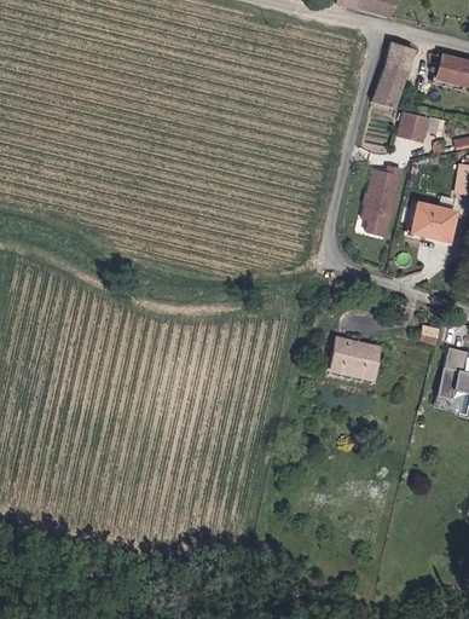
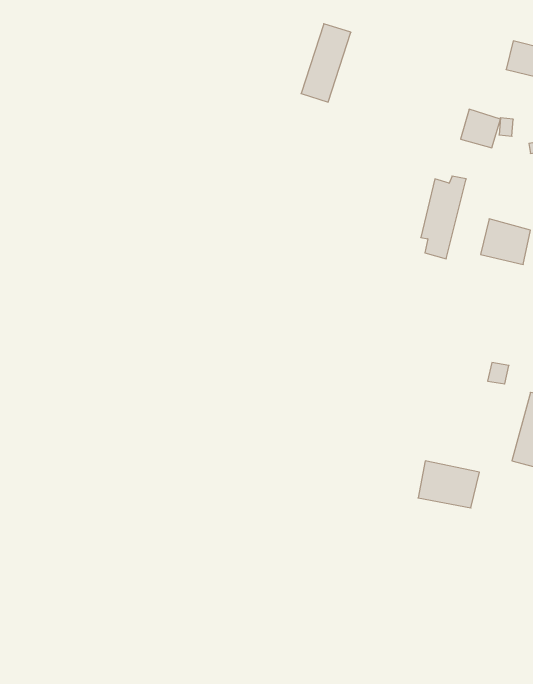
building: [371,42,413,109] -> [301,24,351,102]
building: [326,337,378,377] -> [418,461,479,508]

